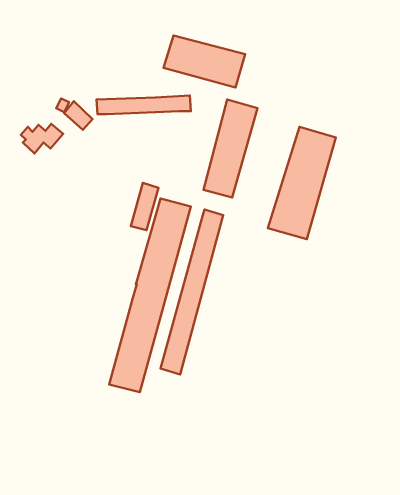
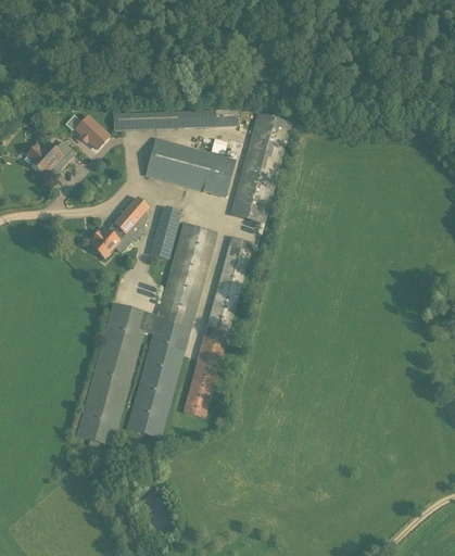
building: [164,35,245,88] -> [146,138,236,195]
building: [268,127,336,239] -> none
building: none -> [91,197,149,256]
building: none -> [76,301,157,445]

